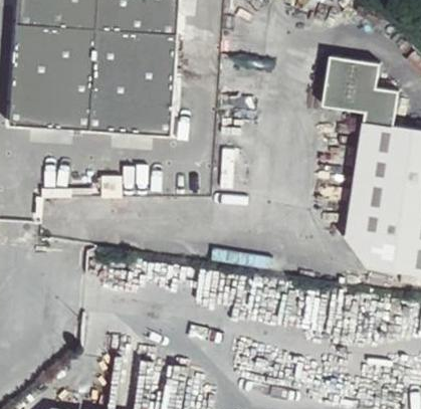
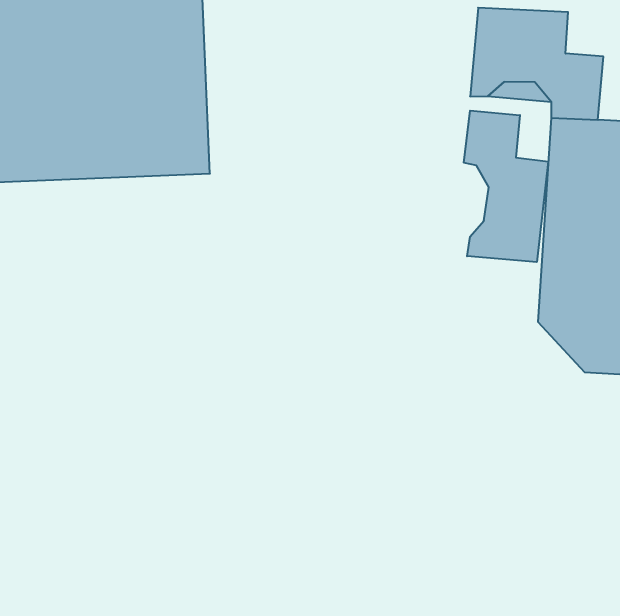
building: none -> [464,111,548,262]

